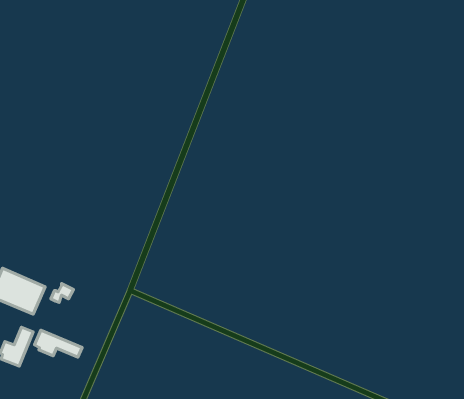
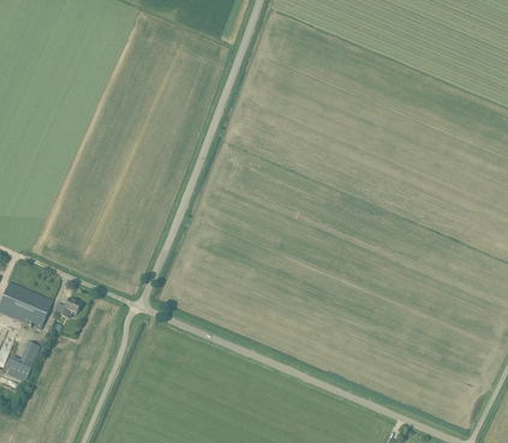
building: [34,330,82,357] -> none

